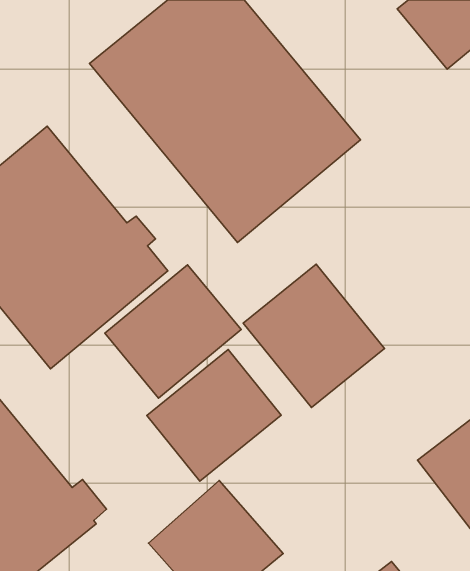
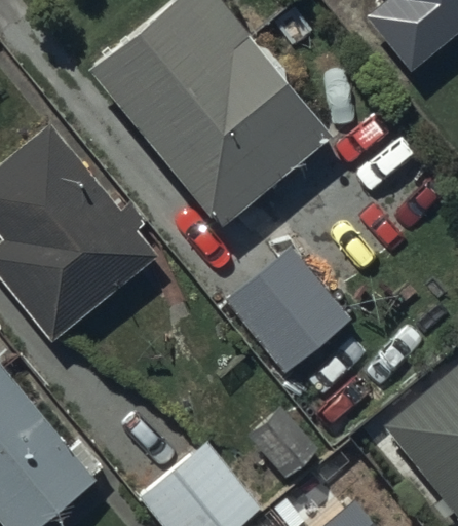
building: [105,265,241,398] -> none
building: [147,349,281,481] -> none

